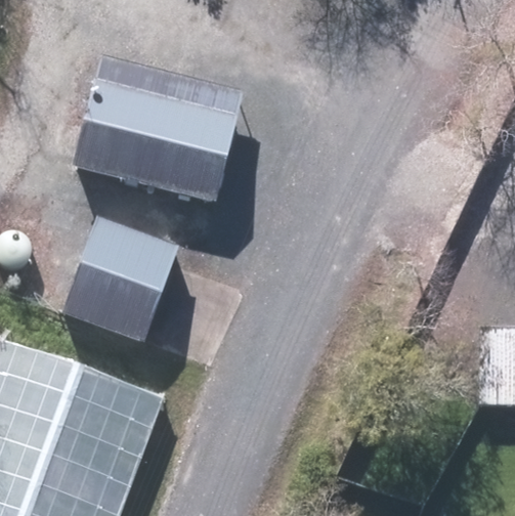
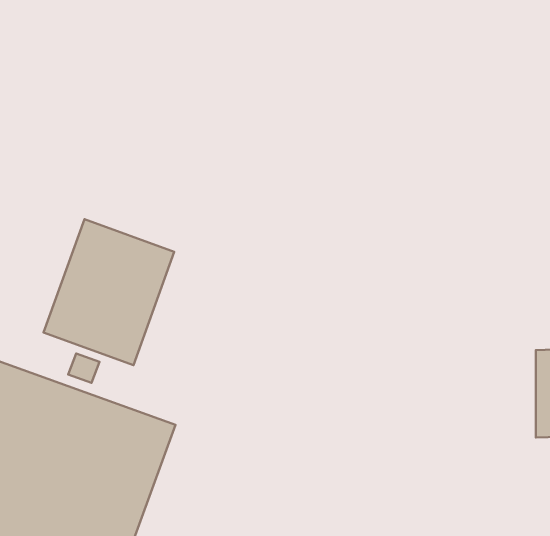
building: [71,60,241,203] -> none

